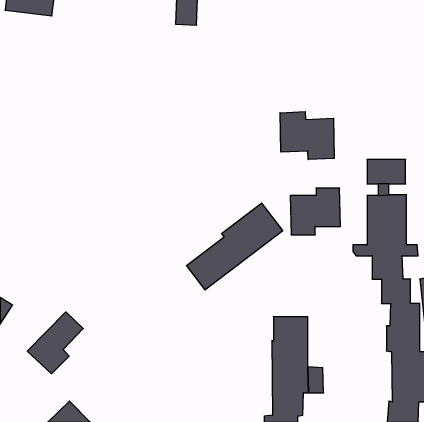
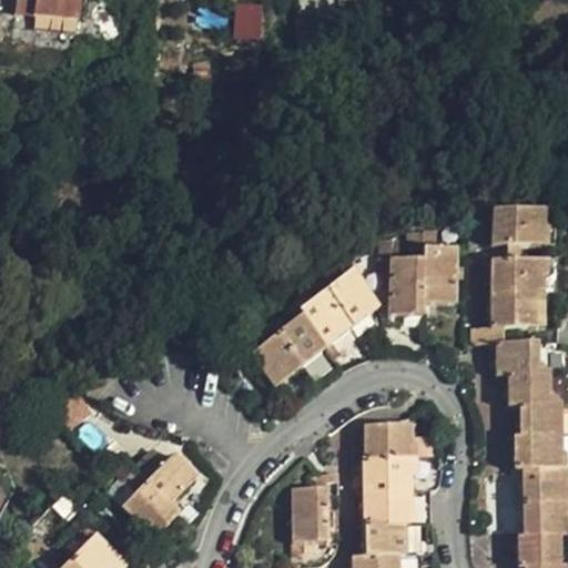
building: [280,112,334,160] -> none
building: [27,312,83,374] -> [124,453,199,535]
building: none -> [294,469,341,550]

